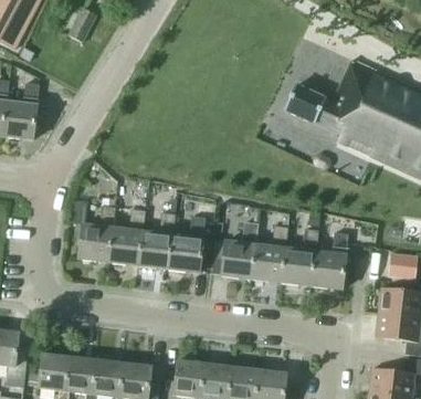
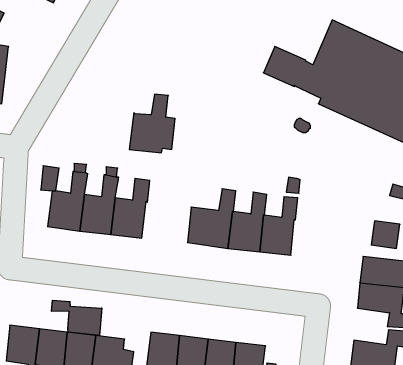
building: [167,216,211,272] -> [129,94,175,153]
building: [311,232,347,288] -> none
building: none -> [52,300,102,335]

